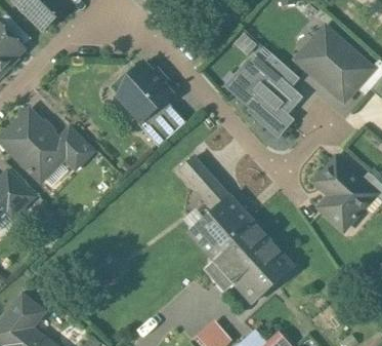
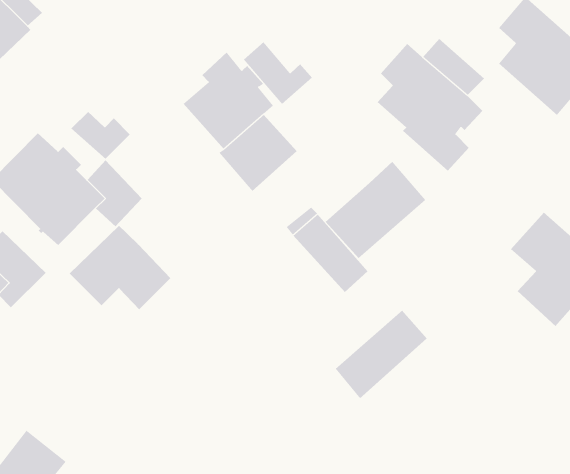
building: none -> [243,41,313,105]
building: none -> [71,111,130,160]
building: none -> [69,224,171,310]
building: [188,194,250,254] -> [325,161,426,259]
building: [224,235,293,302] -> none

